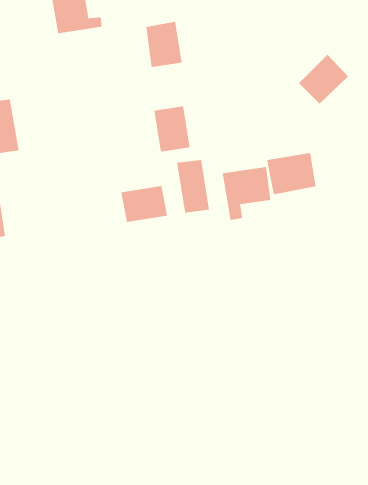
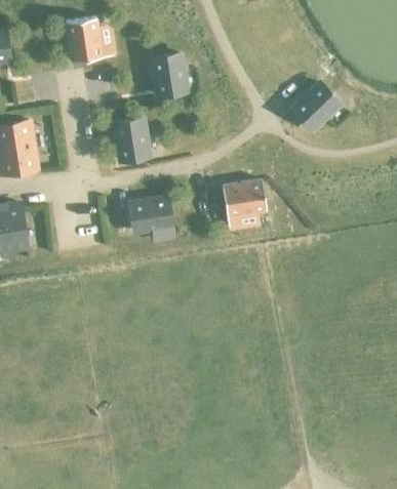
building: [153,106,191,152] -> [116,117,150,159]
building: [267,152,316,195] -> none
building: [177,159,210,213] -> none

